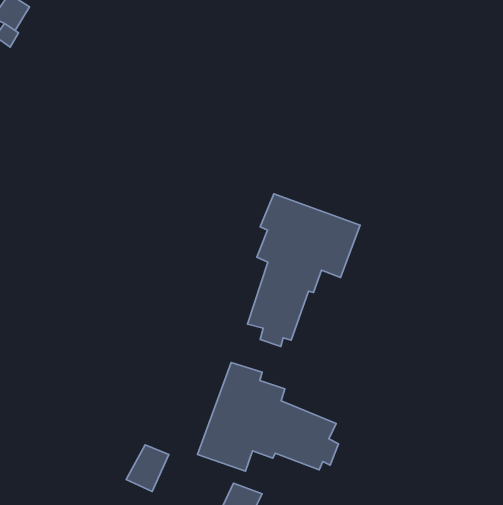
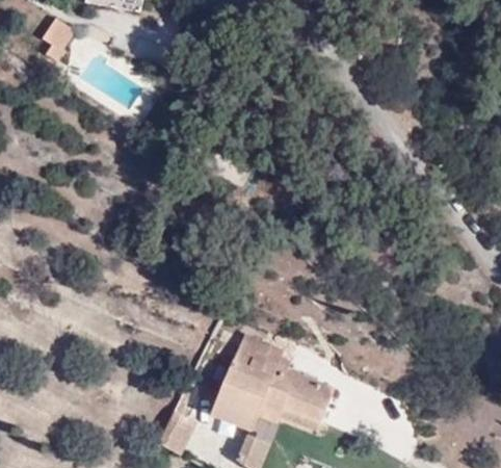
building: [248,194,360,346] -> none

